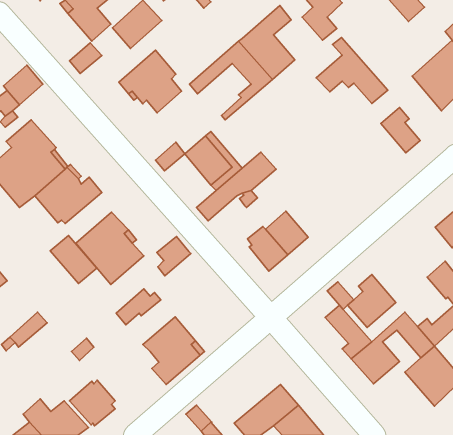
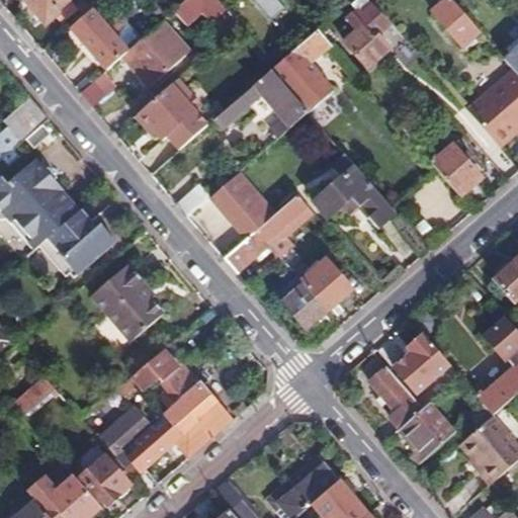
building: [316,37,388,104] -> [315,155,396,230]
building: [50,235,97,284] -> none
building: [157,236,191,276] -> [161,361,199,406]
building: none -> [99,406,181,476]

